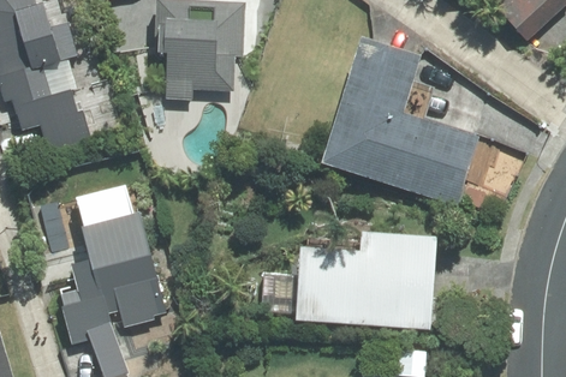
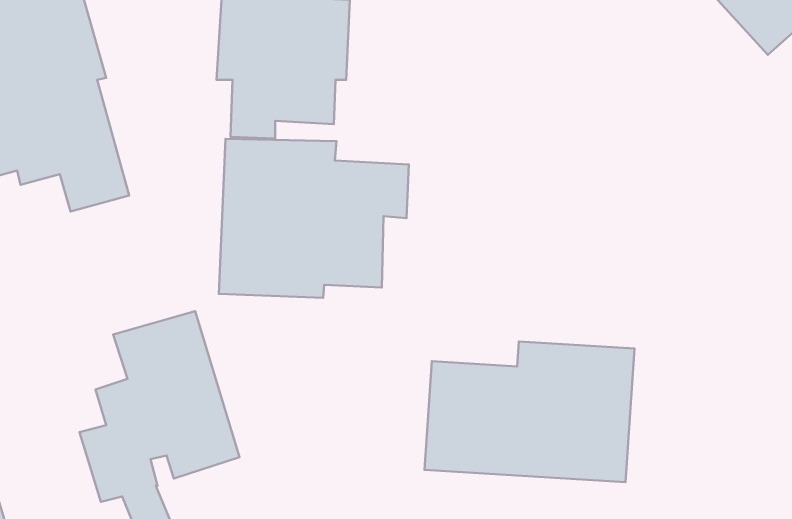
building: [320,42,476,202] -> none
building: none -> [219,139,409,298]

